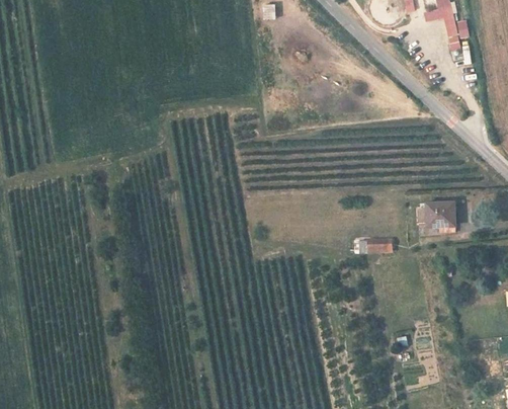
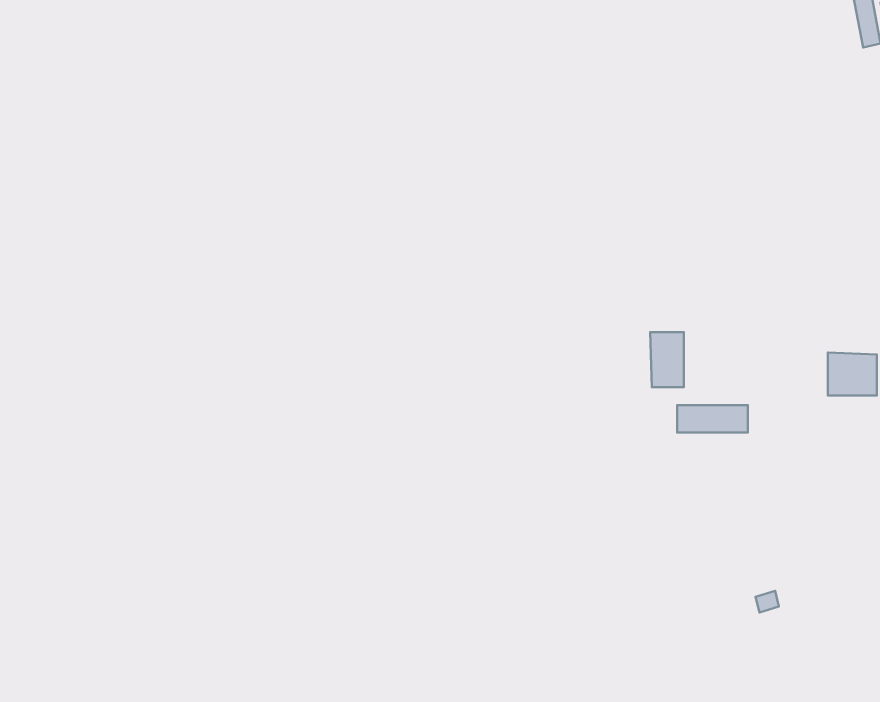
building: none -> [650,332,684,387]

